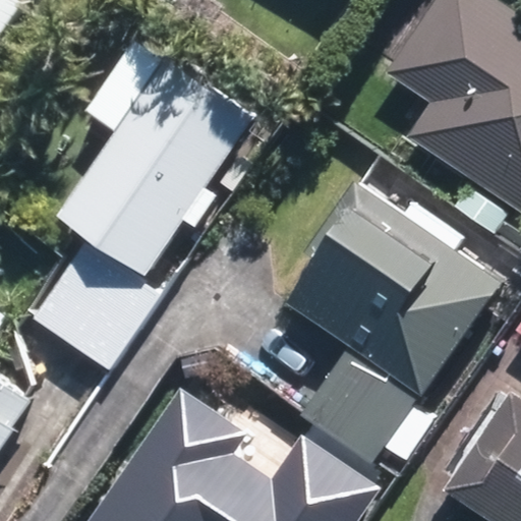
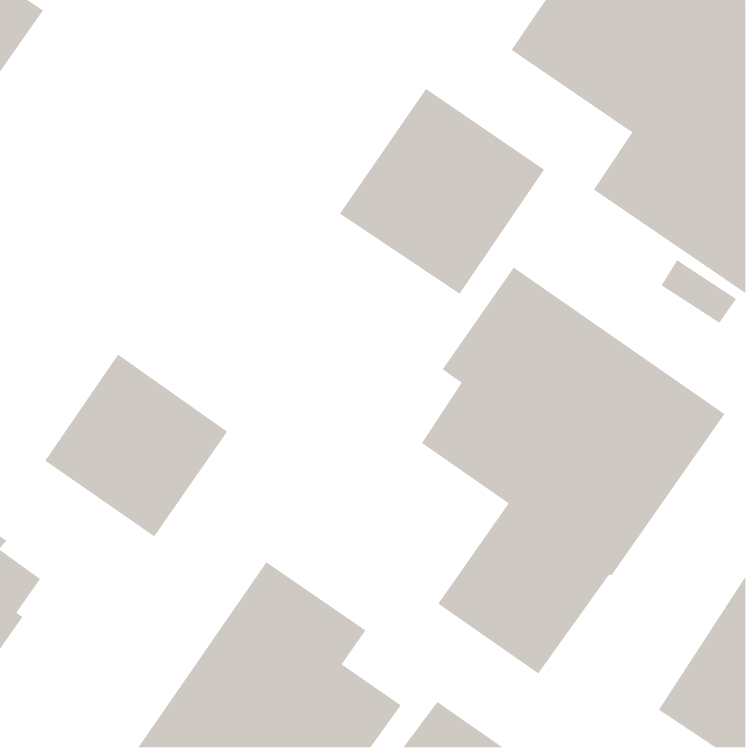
building: [55,56,253,277] -> none
building: none -> [339,88,545,295]

